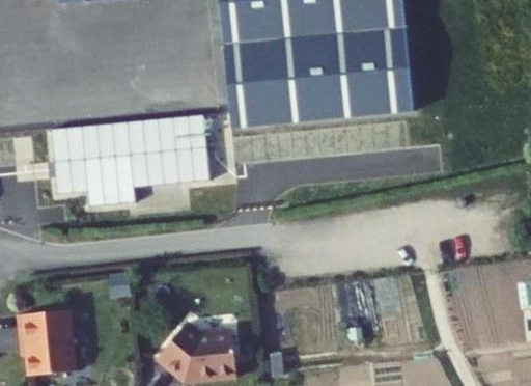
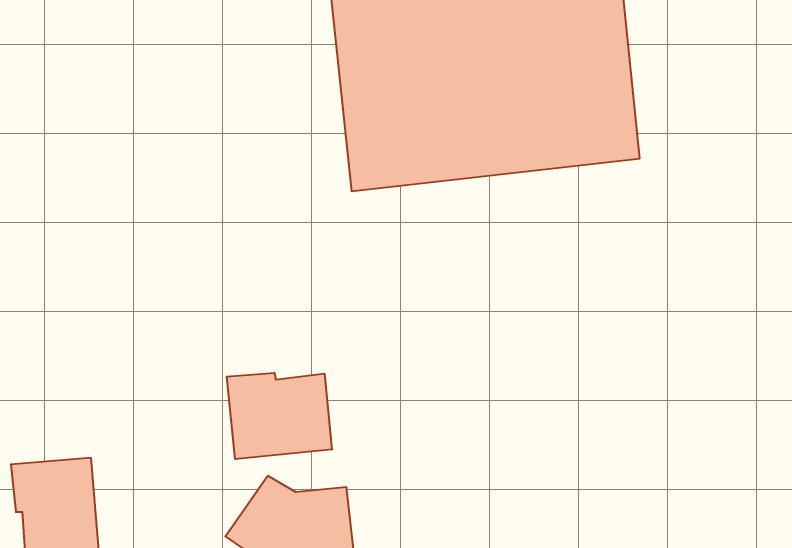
building: [51,114,208,205] -> none
building: none -> [227,373,332,459]

